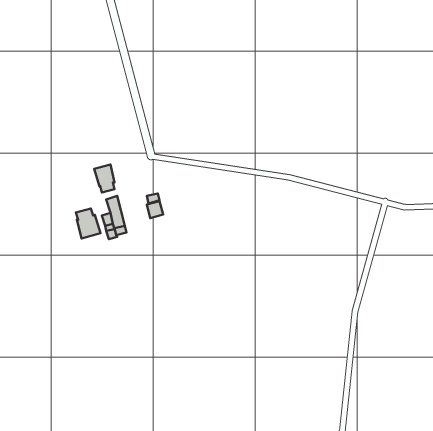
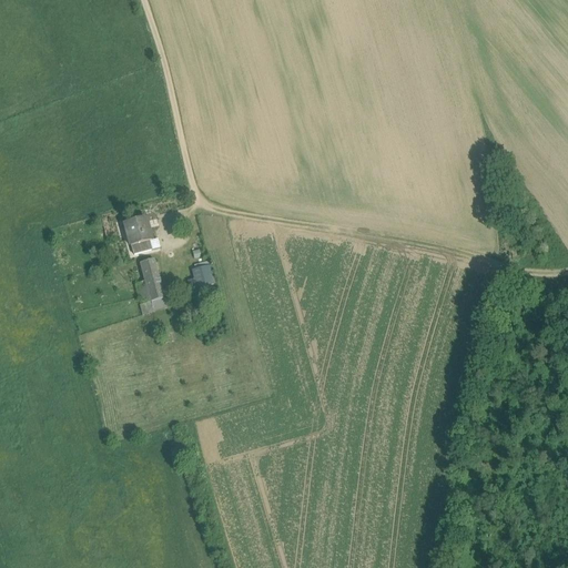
building: [76,208,100,239] -> none

